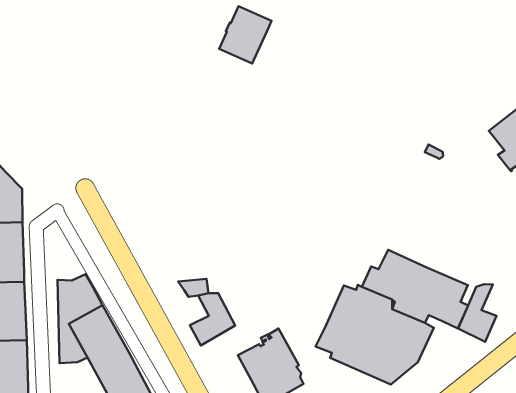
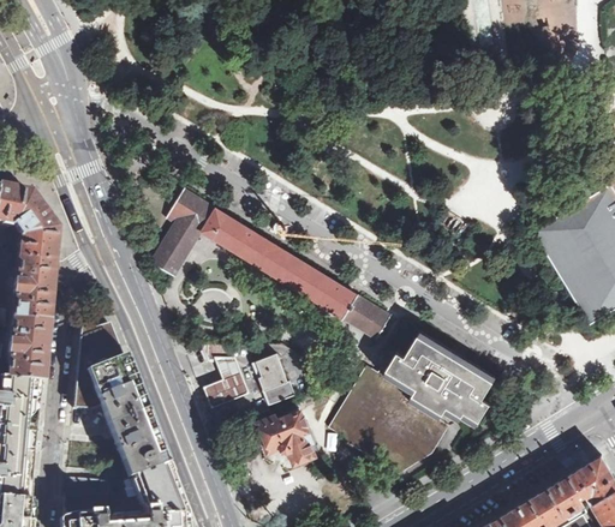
building: [219,6,271,64] -> none
building: none -> [151,188,392,339]
building: none -> [253,353,295,405]
building: [458,284,497,342] -> none

